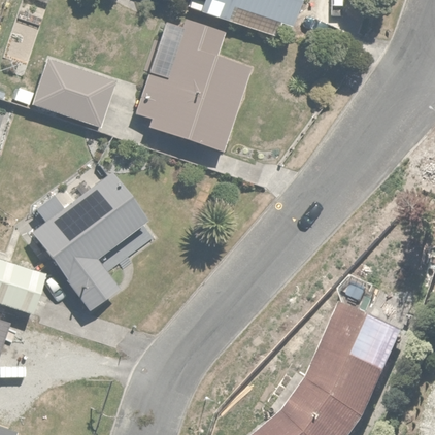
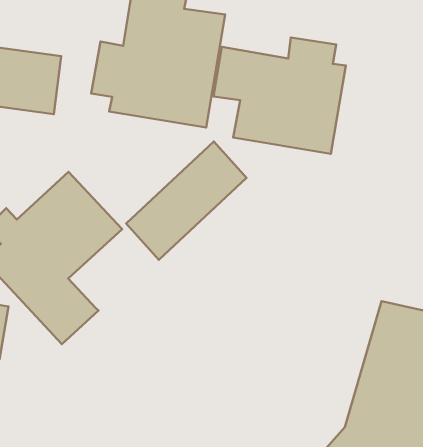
building: none -> [213,38,346,154]
building: none -> [126,142,247,260]

